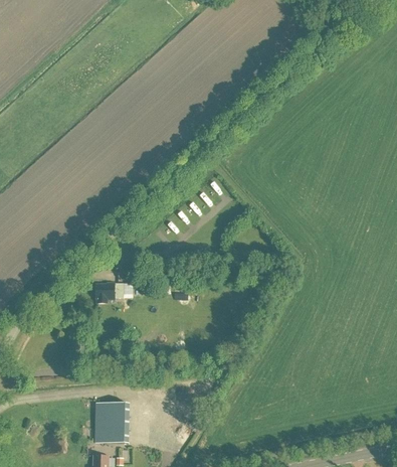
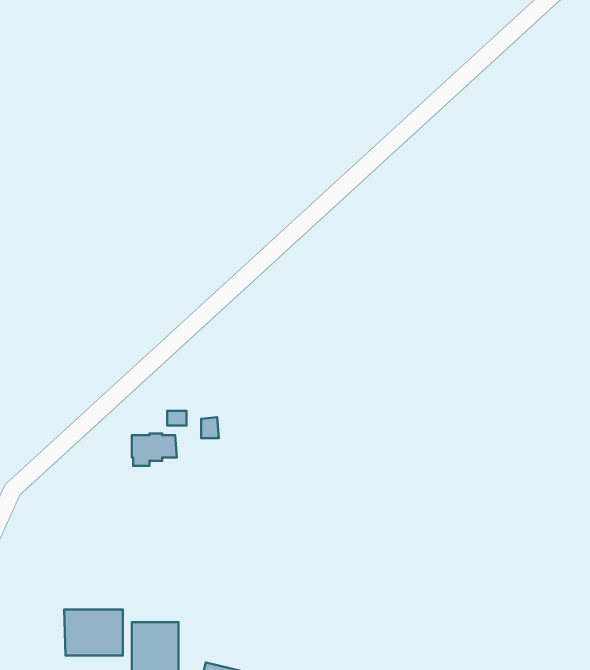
building: none -> [64,609,123,656]

